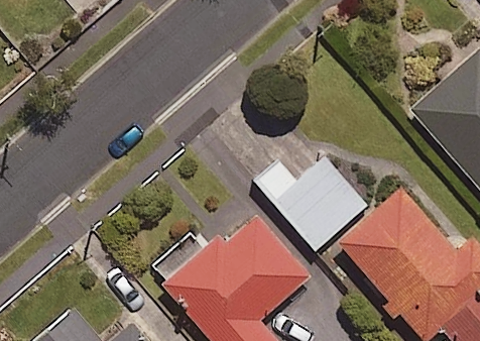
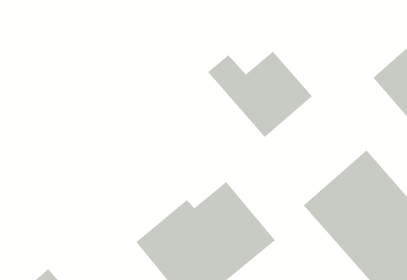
building: [256,160,366,251] -> [207,51,313,138]

